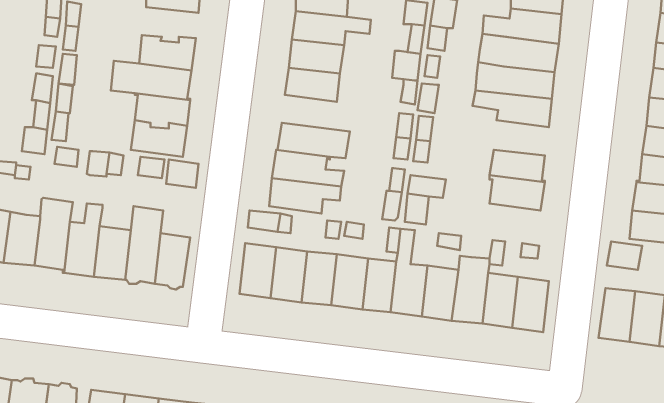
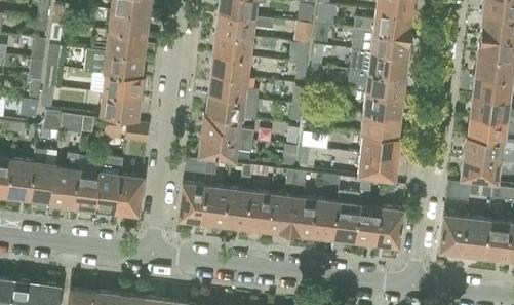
building: none -> [108,10,149,36]
building: none -> [209,74,260,101]
building: none -> [363,92,403,118]
building: none -> [357,153,397,179]

